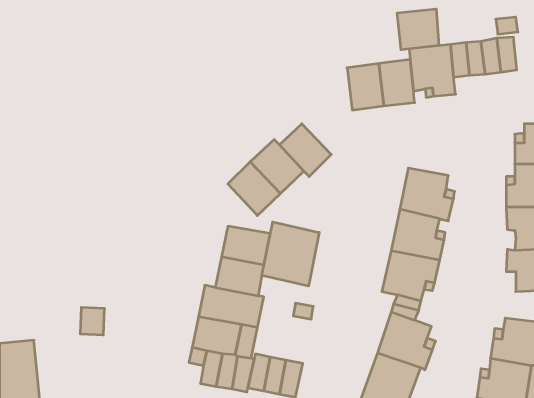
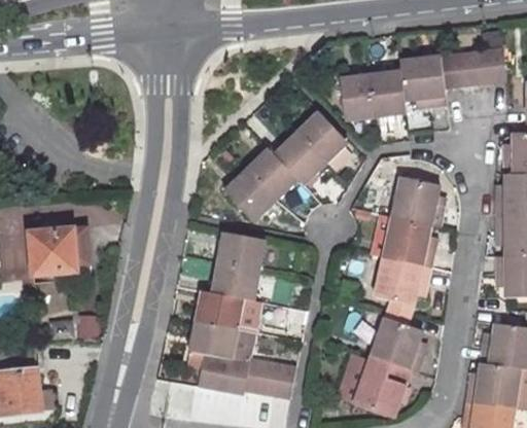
building: [397,9,439,50] -> none
building: none -> [295,111,346,163]
building: none -> [29,224,92,275]
building: [262,222,319,286] -> none

